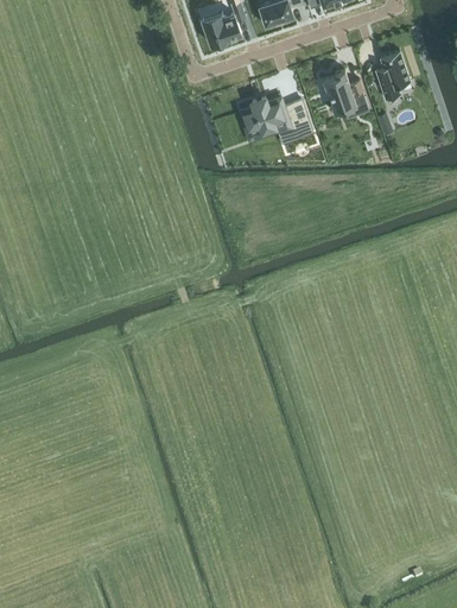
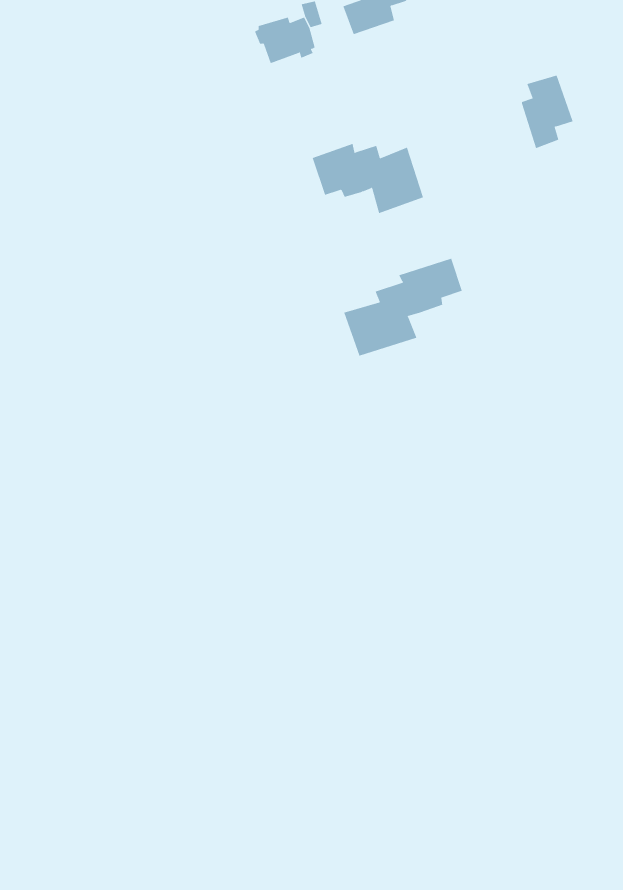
building: [322,70,368,115] -> none
building: none -> [344,258,463,356]

